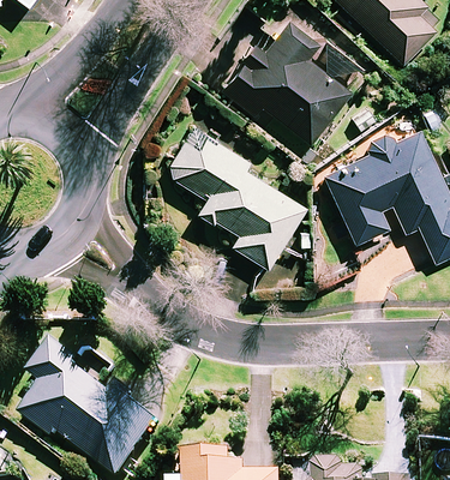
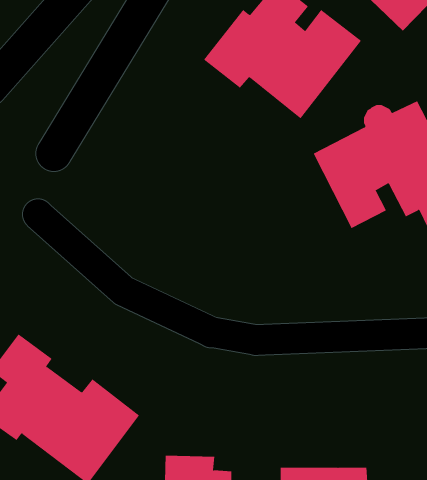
building: [164,128,305,268] -> none

